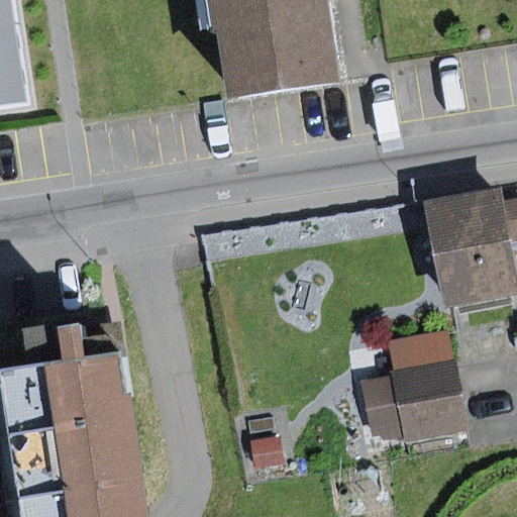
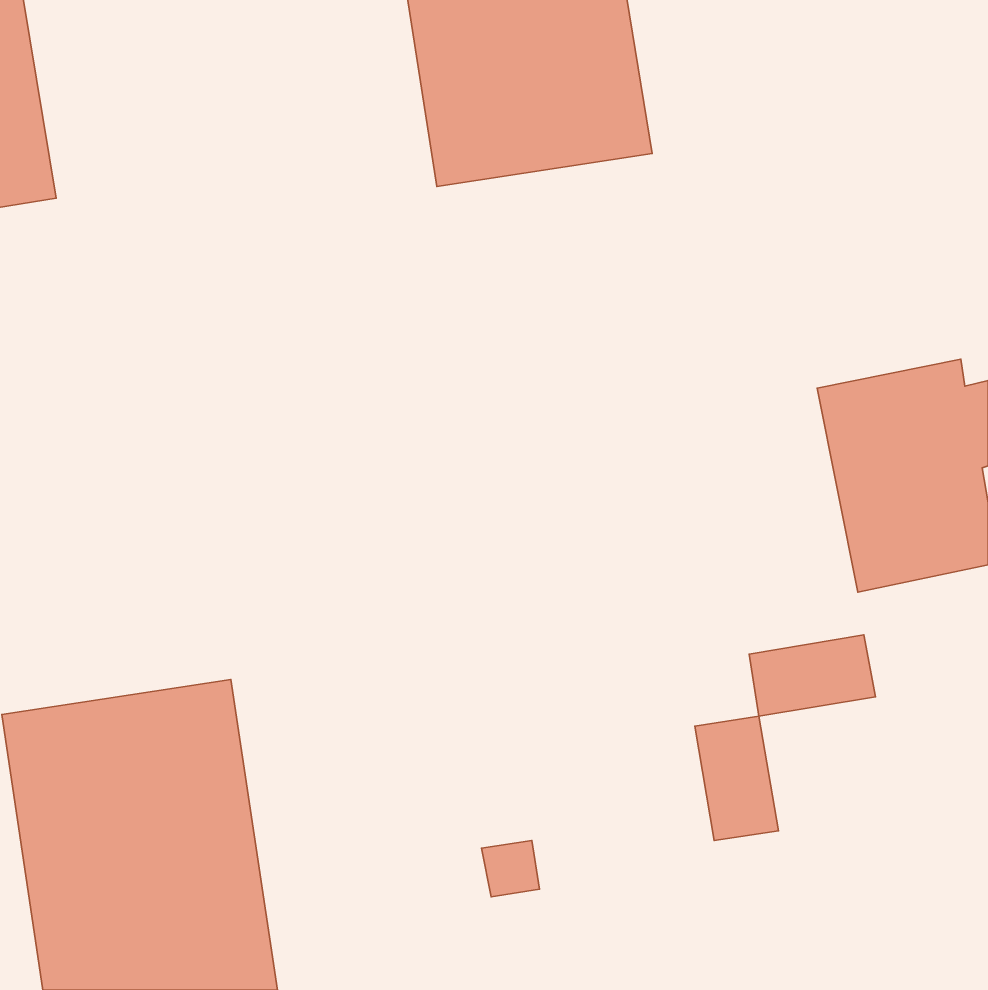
building: [395,363,467,440] -> none

